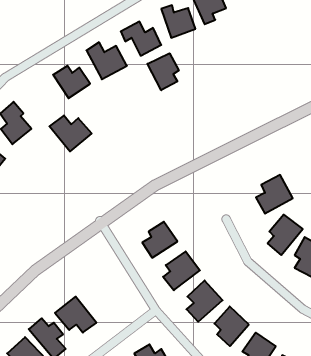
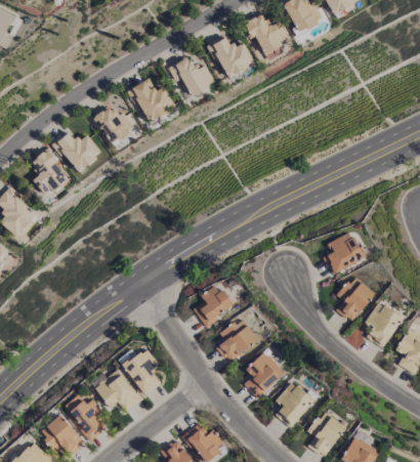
building: [147,53,179,90] -> none
building: [49,115,92,151] -> [54,132,102,173]
building: none -> [122,346,161,395]

